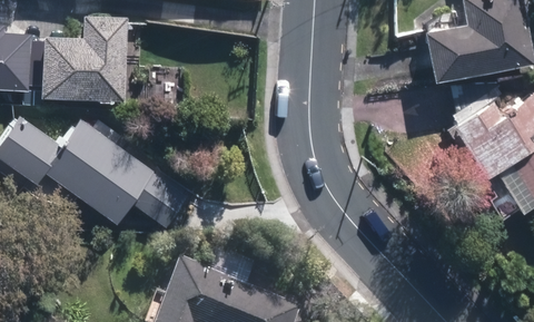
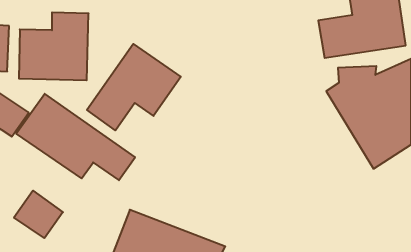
building: none -> [87,44,181,130]
building: none -> [14,191,63,238]

